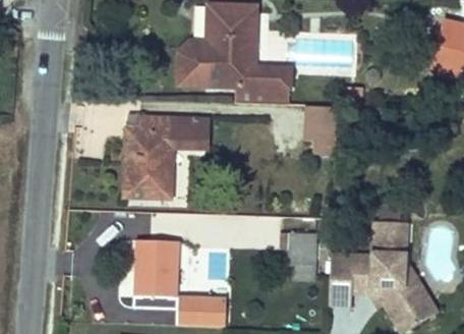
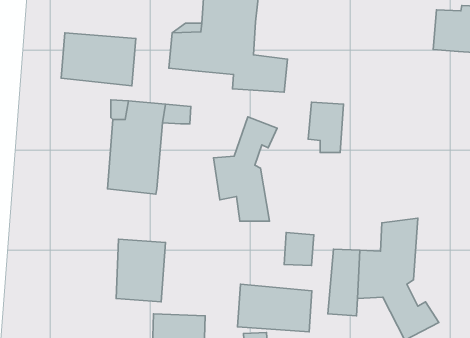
building: none -> [61,33,136,86]
building: none -> [214,117,277,221]
building: none -> [238,284,312,332]

